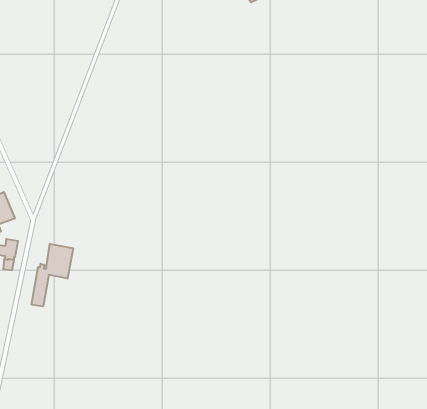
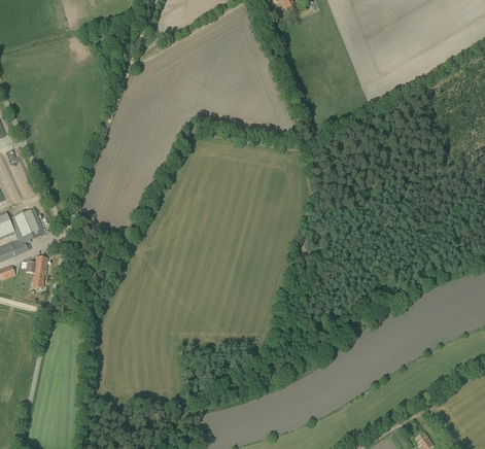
building: [32,244,73,306] -> none

